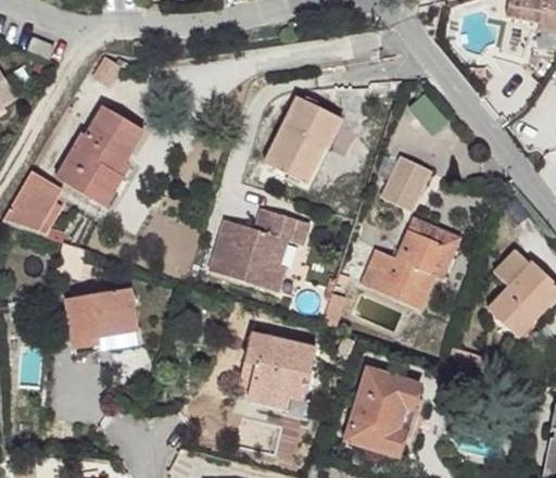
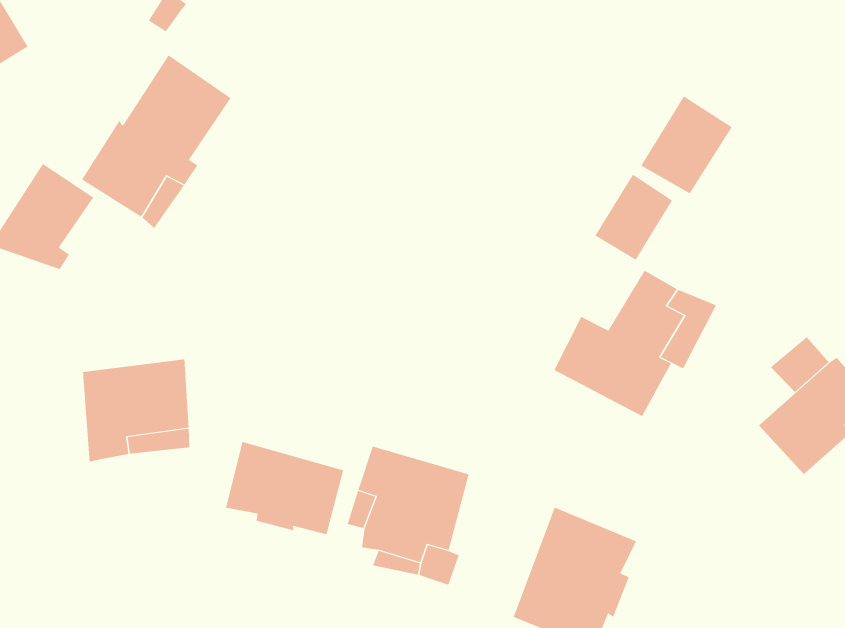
building: [262,95,342,181] -> none
building: none -> [640,96,732,194]
building: [207,207,307,292] -> none
building: none -> [226,441,344,535]

